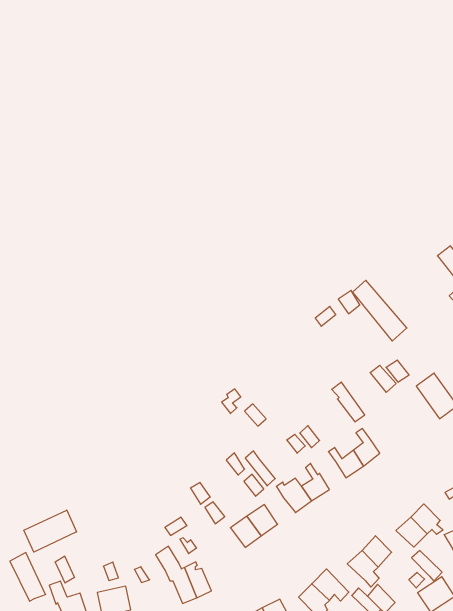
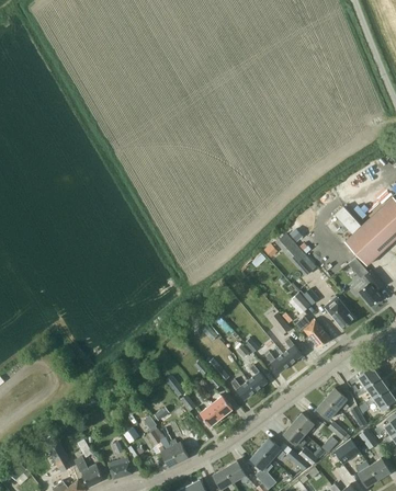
building: none -> [294,316,330,347]
building: [24,510,77,552] -> none

